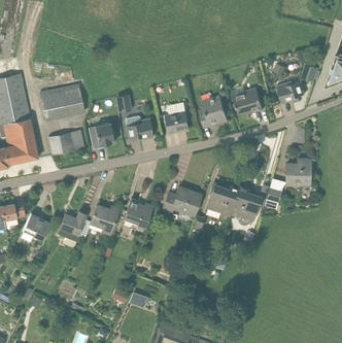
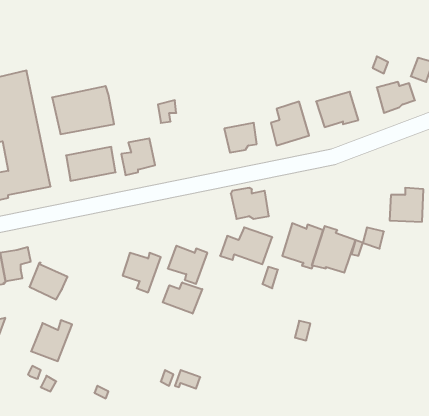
building: [125,116,152,139] -> [231,188,269,219]
building: [57,211,87,241] -> [31,320,72,361]
building: none -> [163,282,202,314]

